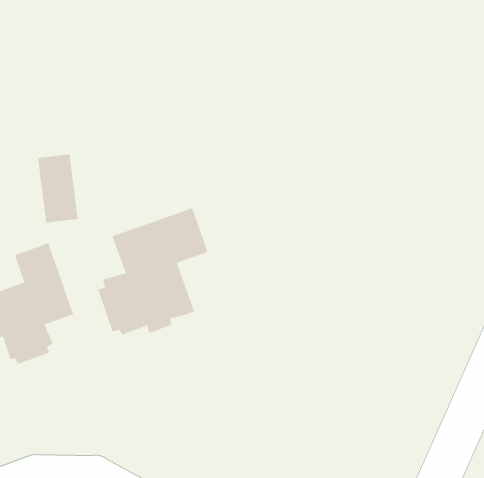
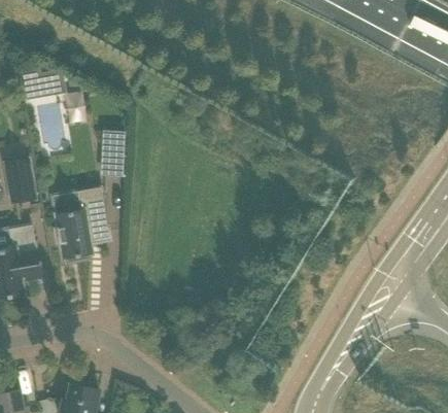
building: [97,207,208,336] -> none

